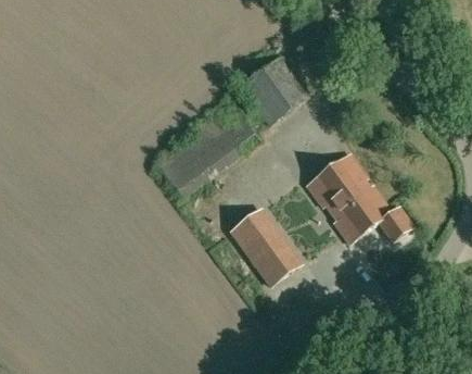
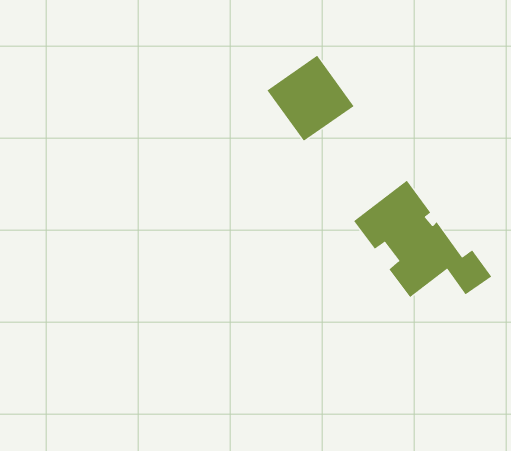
building: [230,210,299,286] -> none

